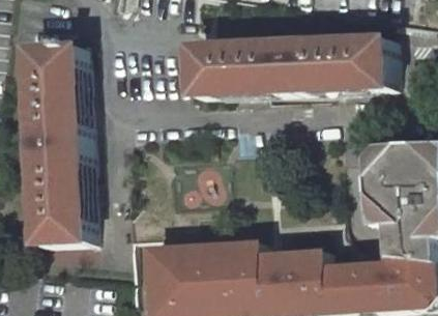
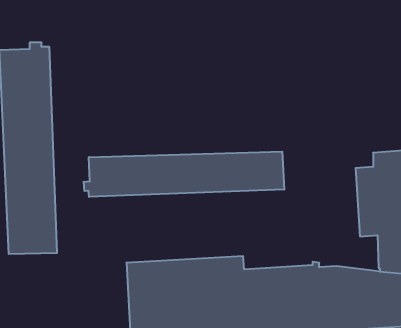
building: [191,38,385,92] -> none
building: none -> [84,152,284,197]

